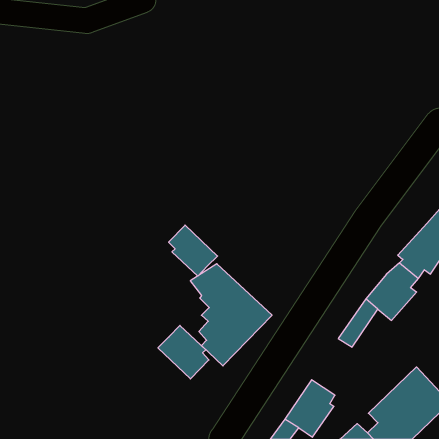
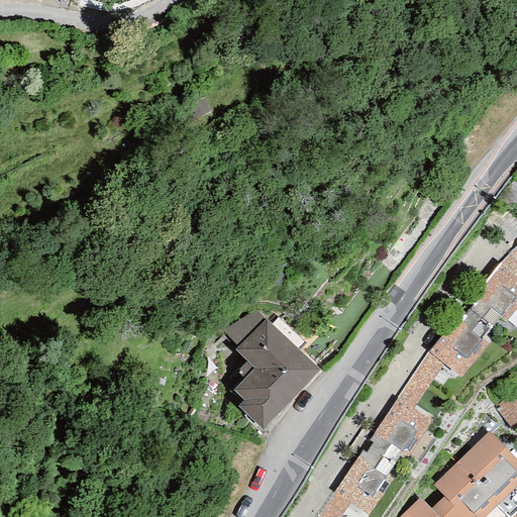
building: [169,225,218,276] -> none
building: [158,325,209,379] -> none
building: none -> [367,398,432,464]

